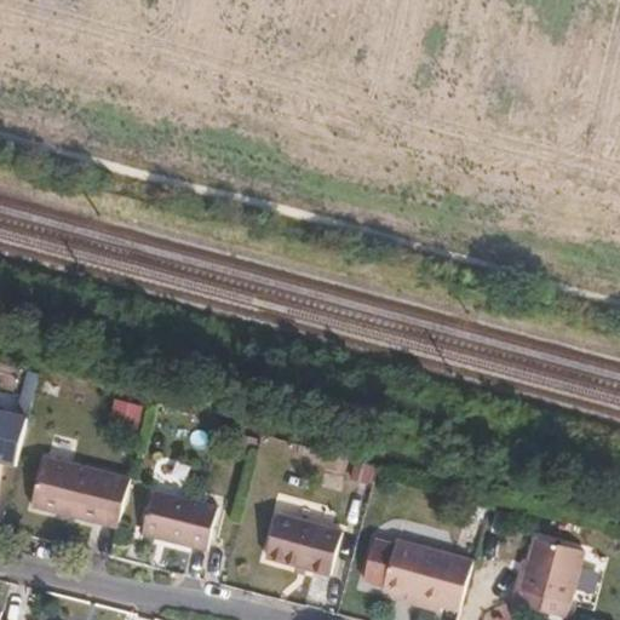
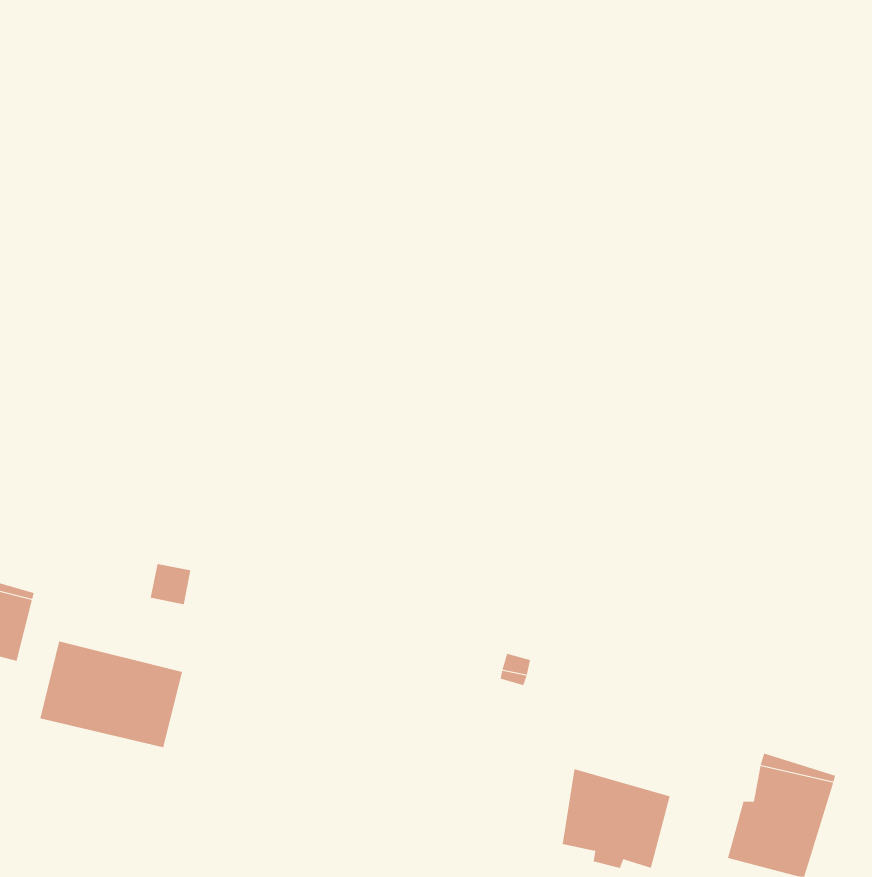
building: [140,490,216,550] -> none
building: [263,515,339,574] -> none
building: [361,533,403,593] -> none

